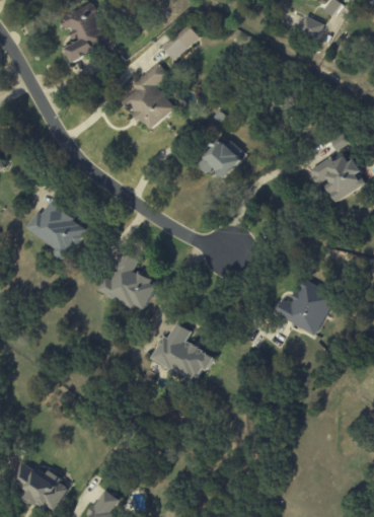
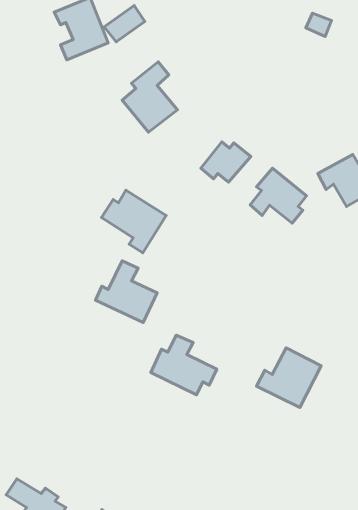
building: [161,24,200,59] -> [104,6,145,42]
building: none -> [250,168,307,223]
building: [25,202,87,262] -> [101,190,166,253]
building: [274,278,335,335] -> [256,348,321,407]

